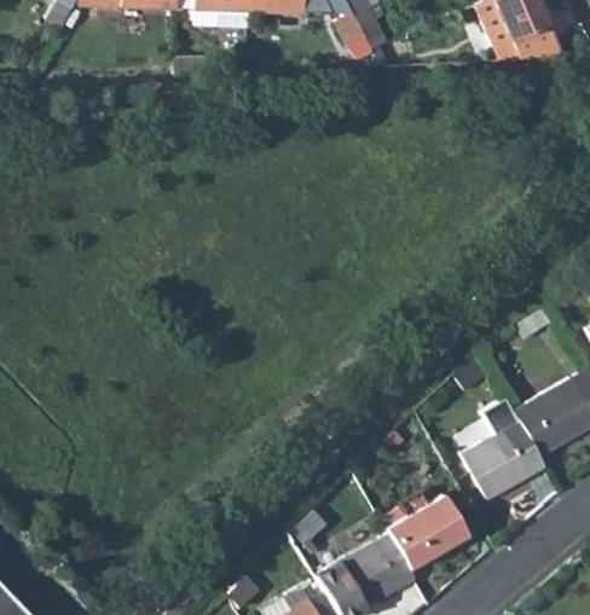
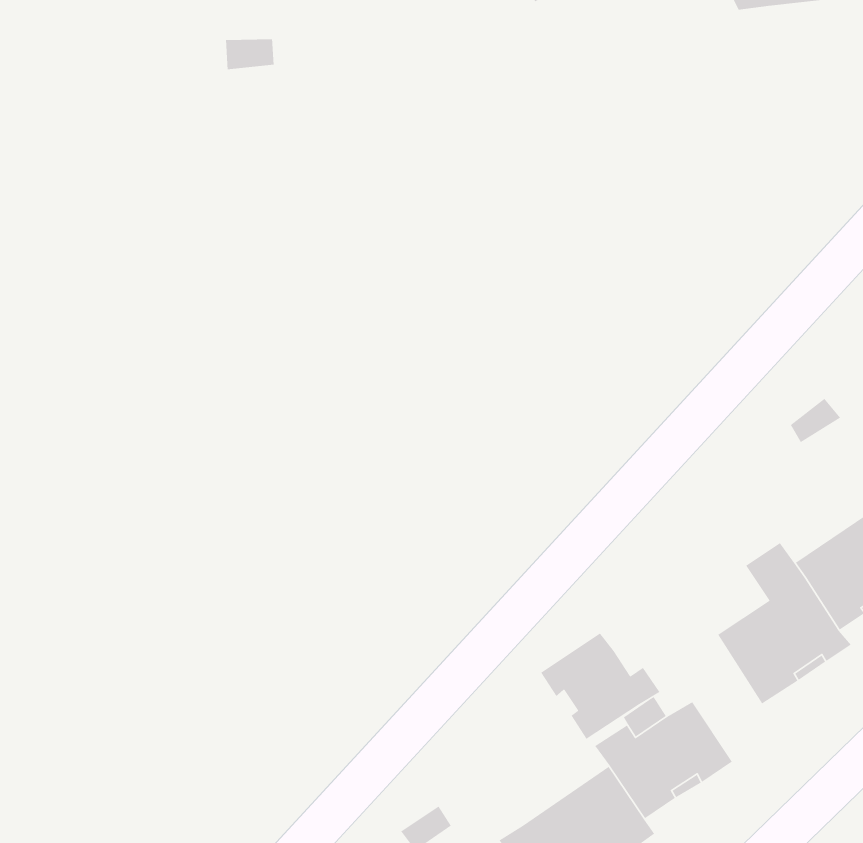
building: none -> [540,633,660,740]

